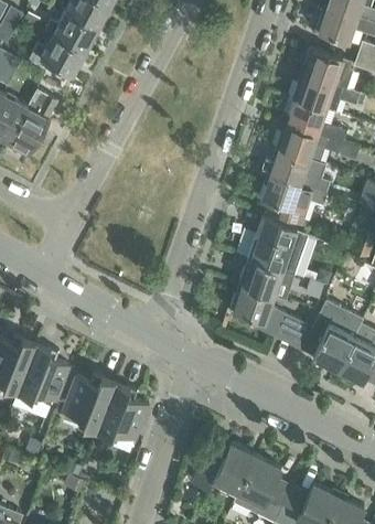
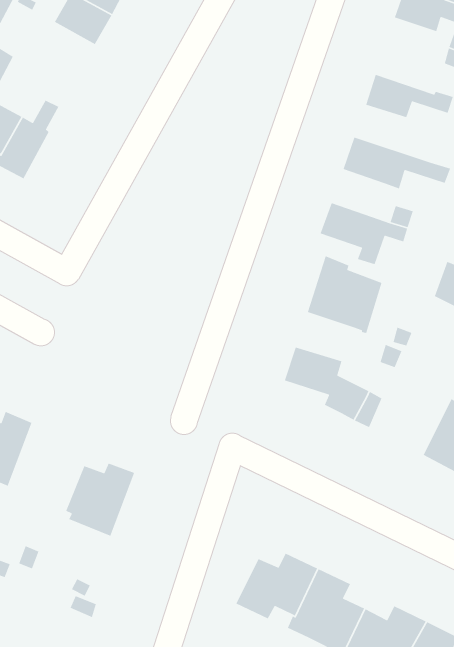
building: [29,34,85,75] -> none
building: [301,47,353,89] -> none
building: [285,98,347,142] -> none
building: [267,148,308,184] -> none
building: [239,258,290,298] -> none
building: [302,311,356,368] -> none
building: [18,343,71,405] -> none
building: [97,382,149,443] -> none

